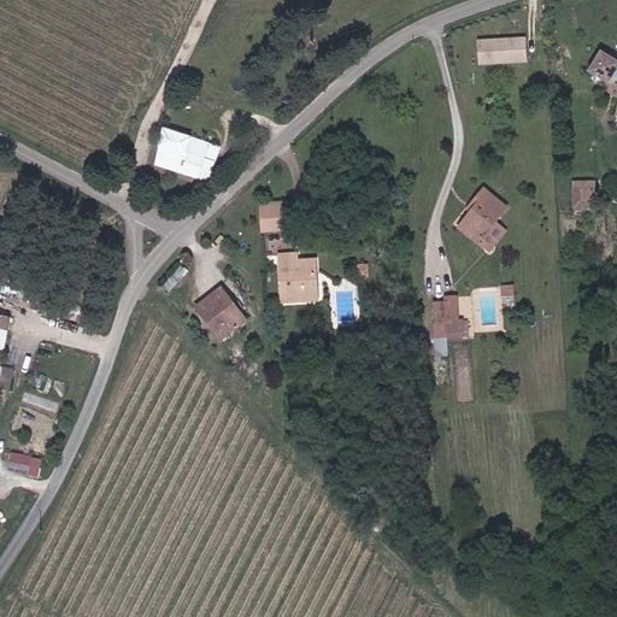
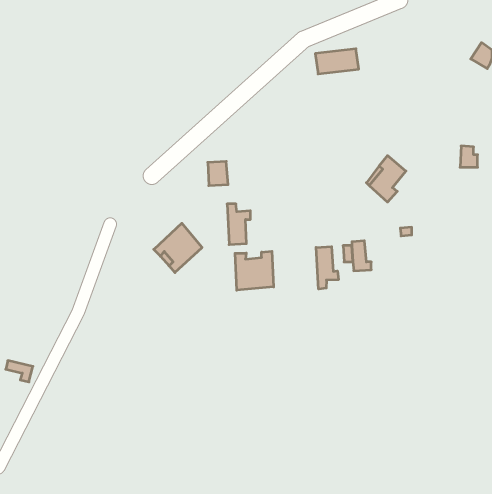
building: [474,34,528,65] -> [315,49,359,74]
building: [148,128,216,175] -> none
building: none -> [316,247,338,289]
building: none -> [235,251,274,290]

